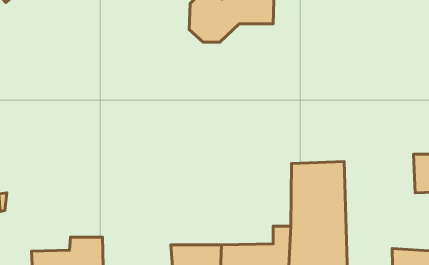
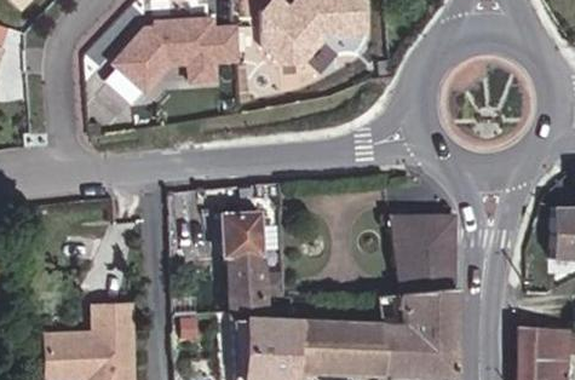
building: none -> [102,15,237,86]
building: none -> [215,211,282,323]

